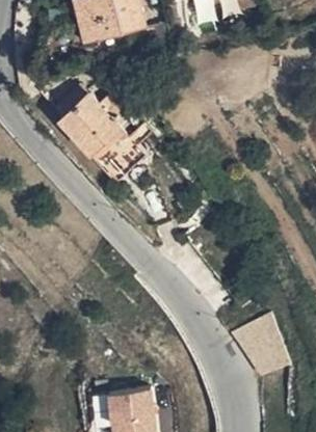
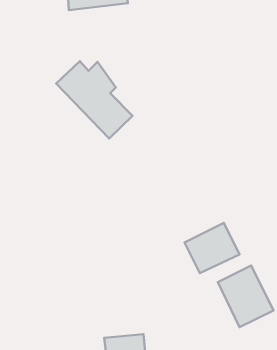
building: none -> [185,223,240,273]

